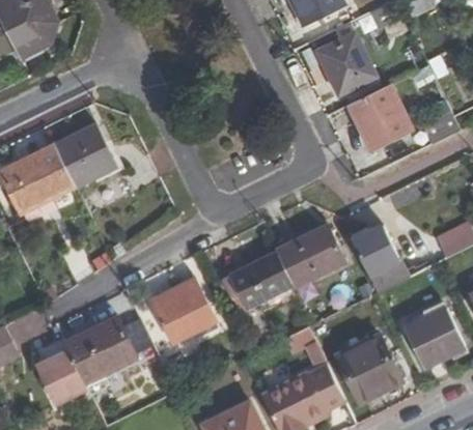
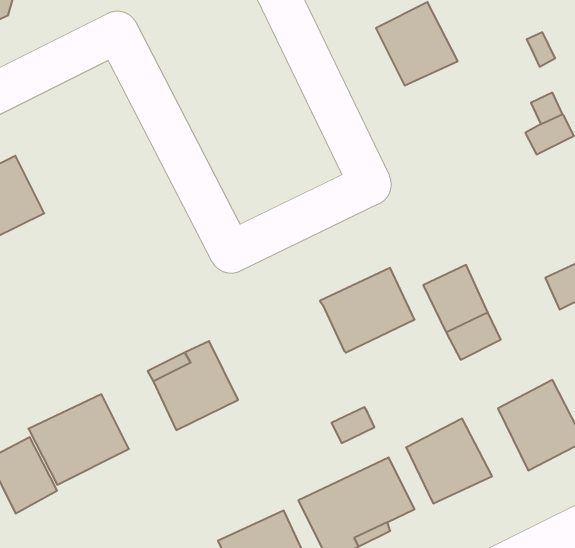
building: [347,85,408,145] -> none
building: [56,125,117,187] -> none
building: [229,253,294,309] -> none

